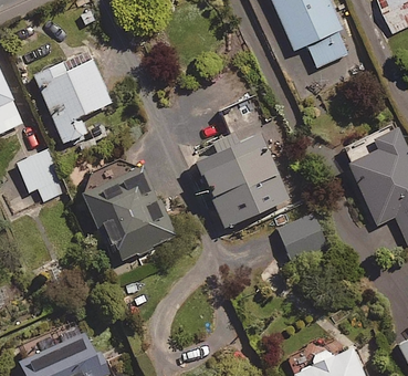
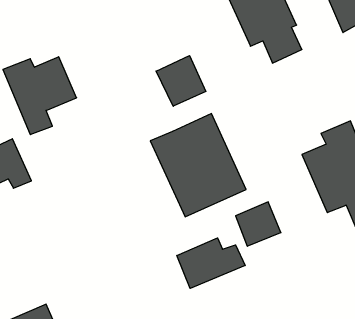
building: none -> [156,56,206,106]
building: [82,168,171,263] -> none
building: none -> [177,238,245,288]

